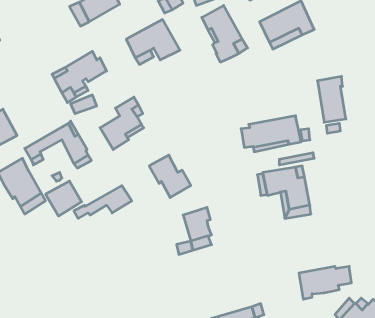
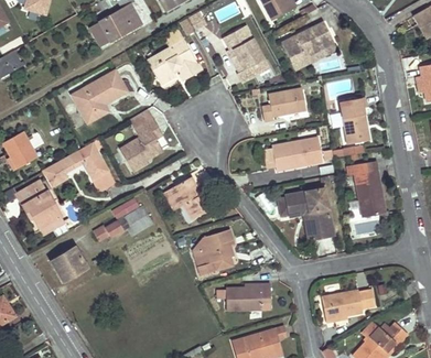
building: none -> [261,87,305,121]
building: none -> [353,170,385,218]
building: [46,181,82,216] -> [50,247,86,282]
building: none -> [216,284,269,311]

